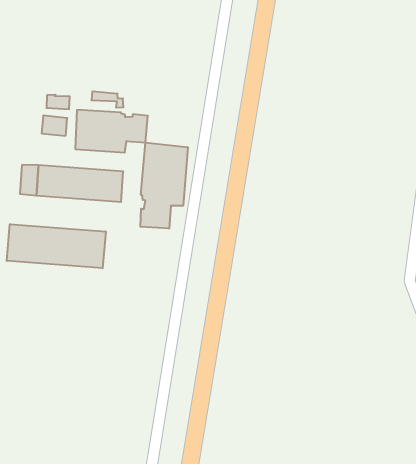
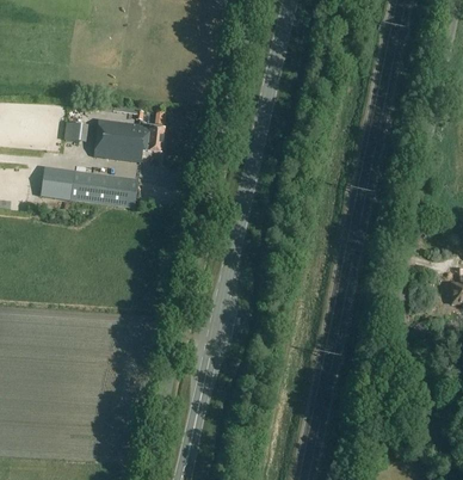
building: [140,143,188,229] -> none
building: [7,224,106,268] -> none

